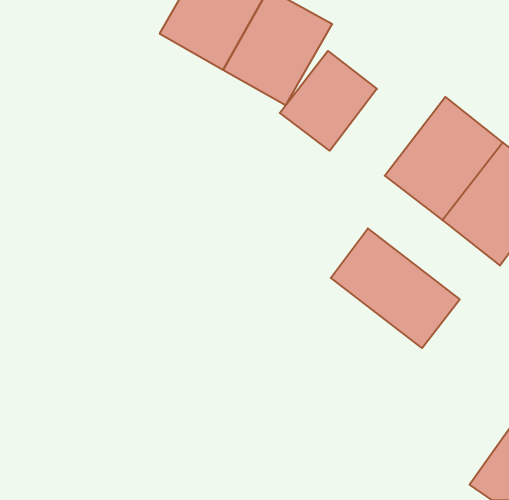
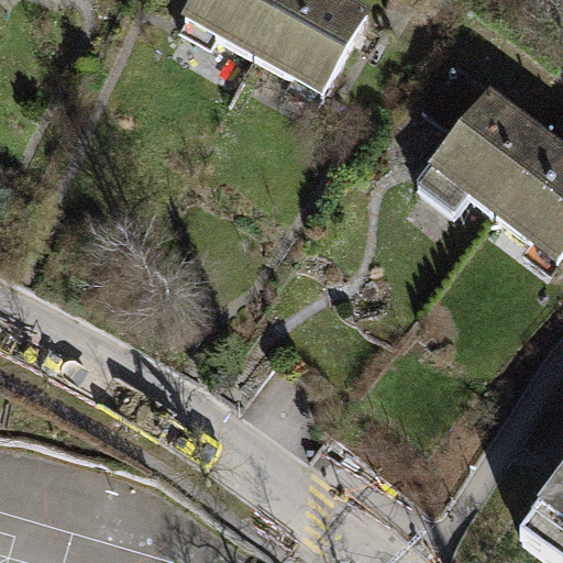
building: [280,51,377,151] -> none
building: [331,228,460,348] -> none

